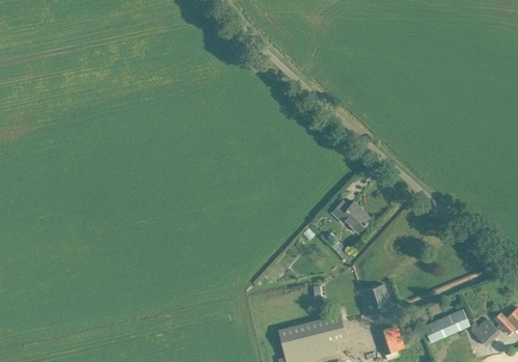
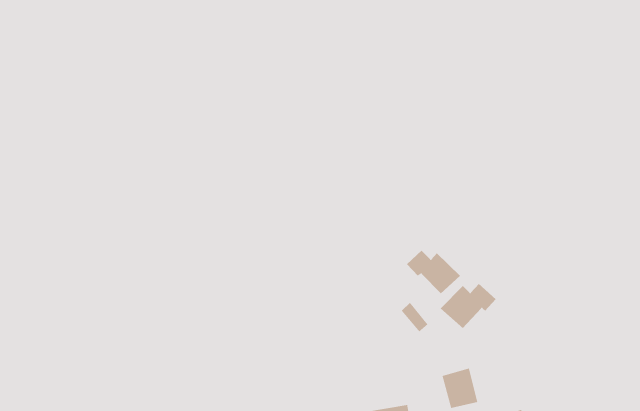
building: none -> [440,283,497,329]

